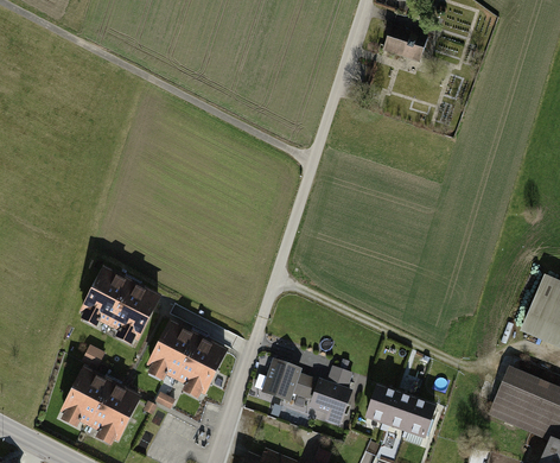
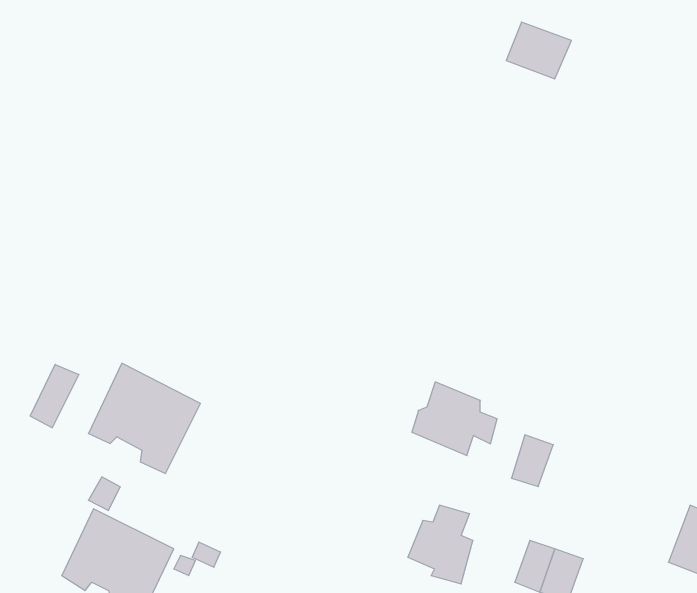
building: none -> [30,364,79,428]
building: [146,321,227,399] -> none
building: [250,353,311,405] -> [412,382,497,456]
building: [364,385,394,421] -> [511,435,553,487]

